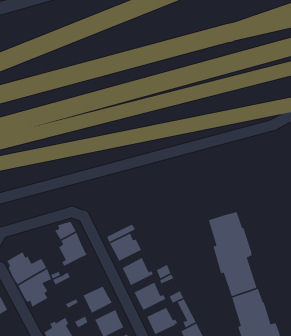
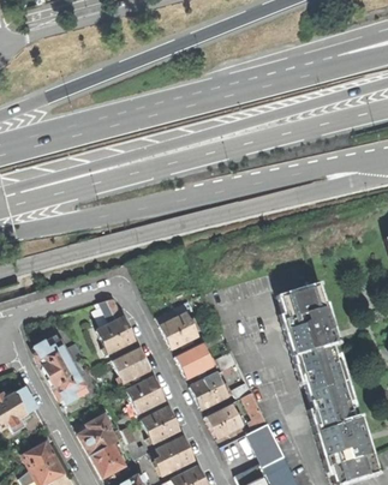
building: none -> [112,348,149,385]

